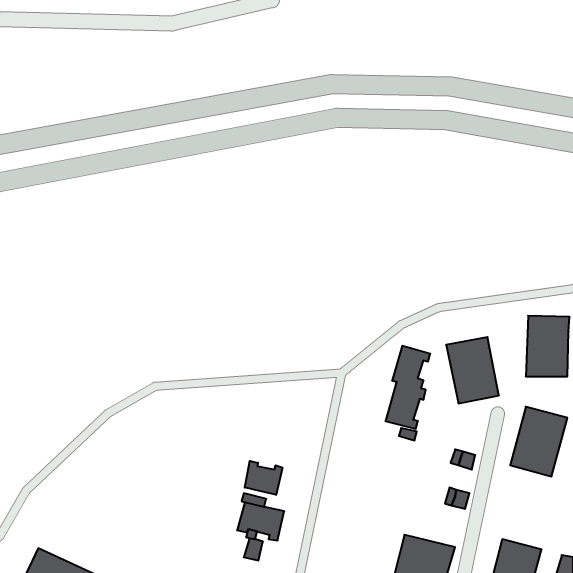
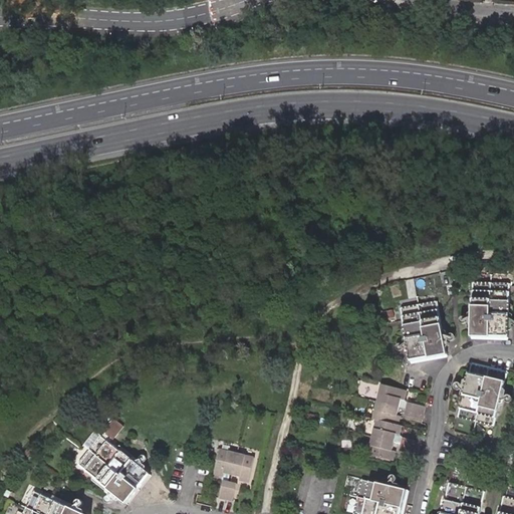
building: [385,346,430,429] -> [365,384,406,459]
building: [245,461,282,495] -> none
building: none -> [77,421,149,504]

